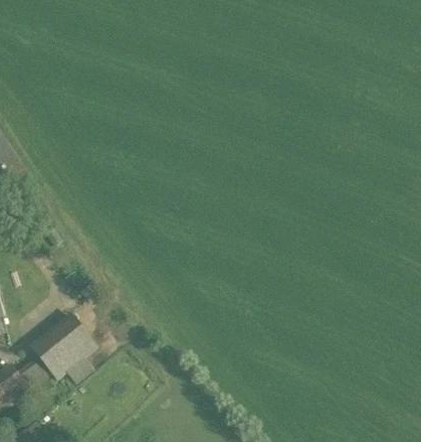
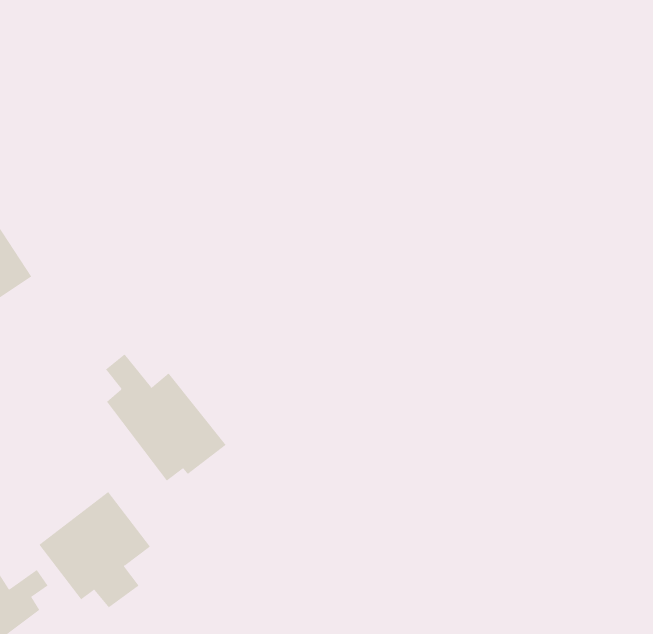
building: none -> [105,353,227,481]

